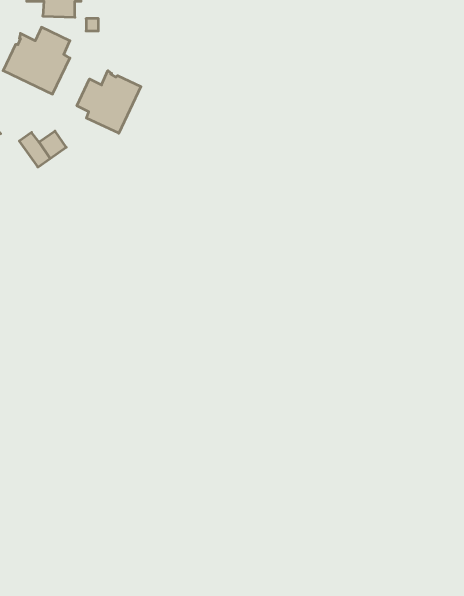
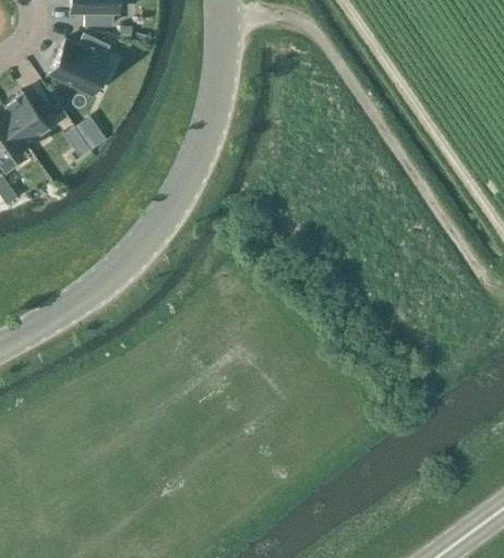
building: [77,71,141,133] -> none

